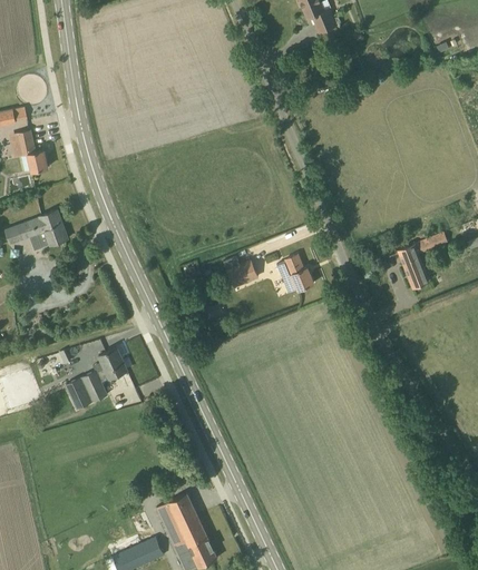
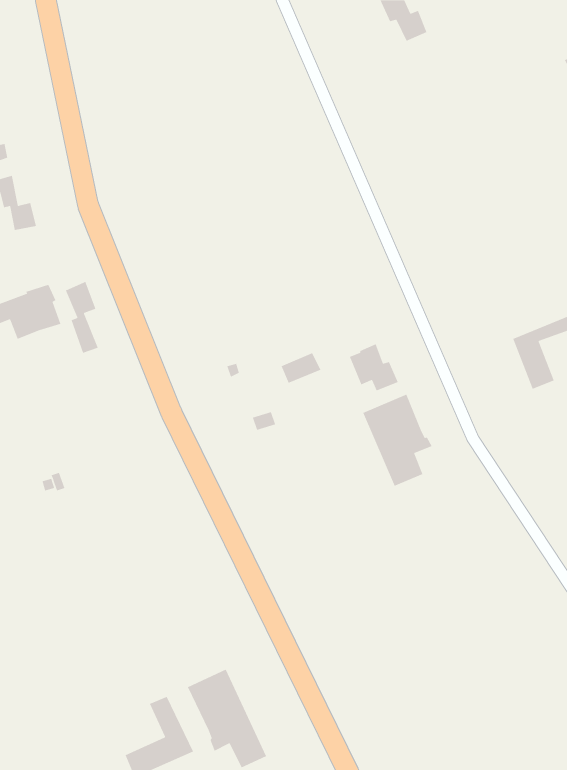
building: none -> [65,281,99,354]
building: none -> [362,393,433,487]
building: [66,348,127,410] -> none

